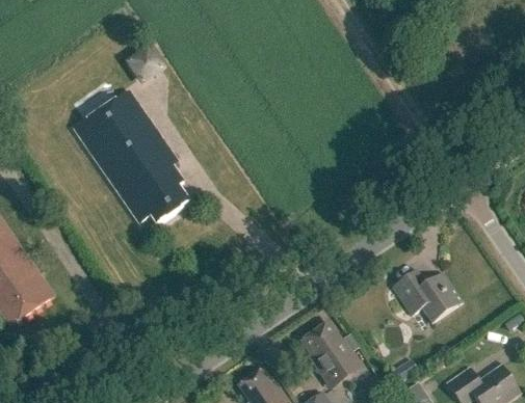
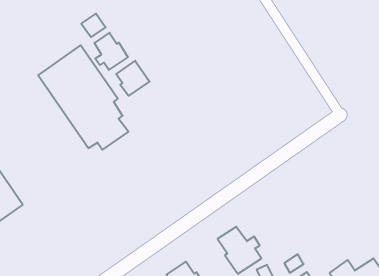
building: none -> [94,33,128,70]
building: none -> [116,61,150,96]
building: [392,268,464,322] -> none

